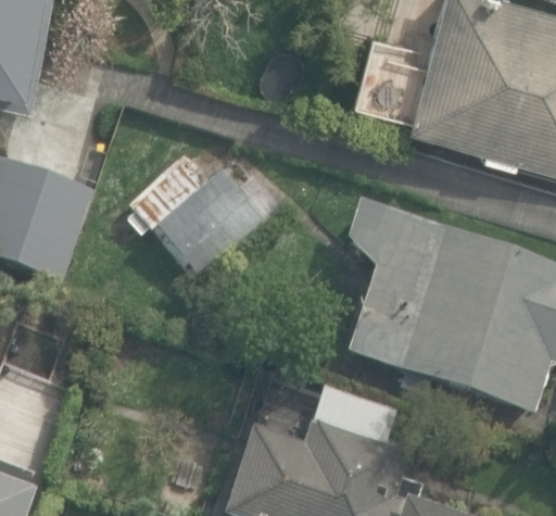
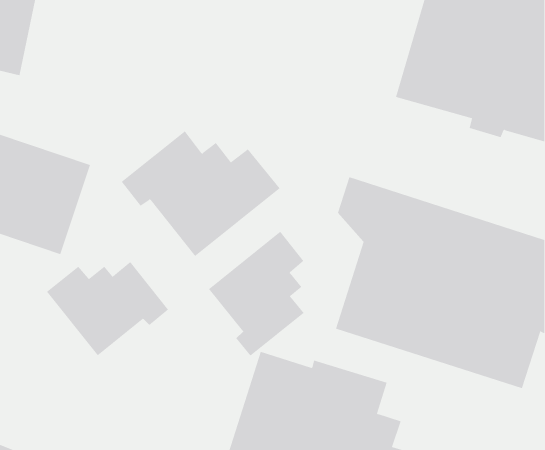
building: none -> [208,231,305,356]
building: none -> [46,261,169,356]

